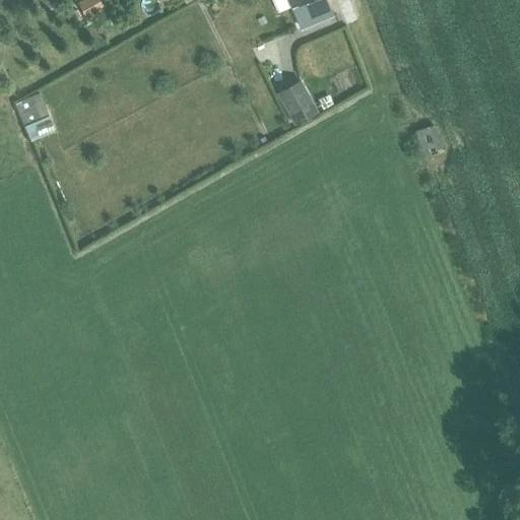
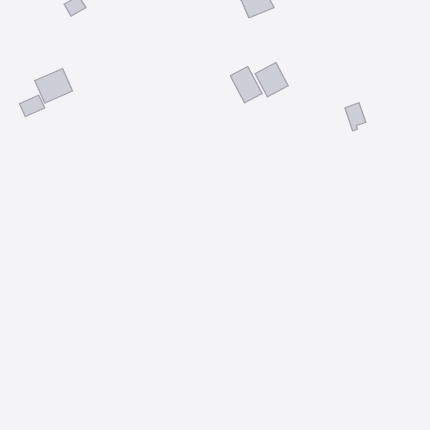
building: none -> [255,62,288,97]
building: none -> [35,68,72,103]

